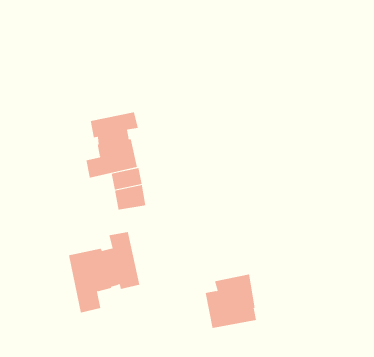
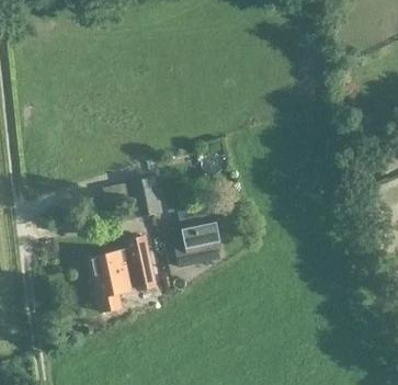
building: [86,111,139,178] -> none
building: [205,274,257,328] -> [174,216,223,267]

